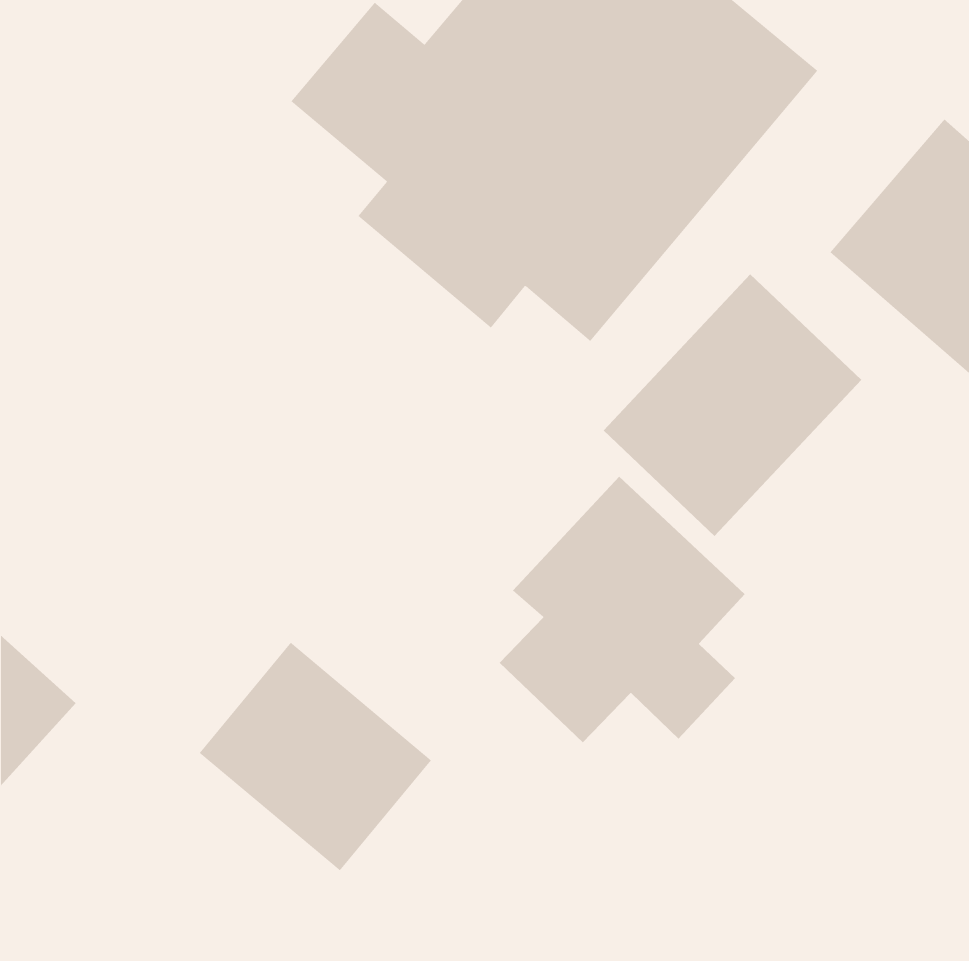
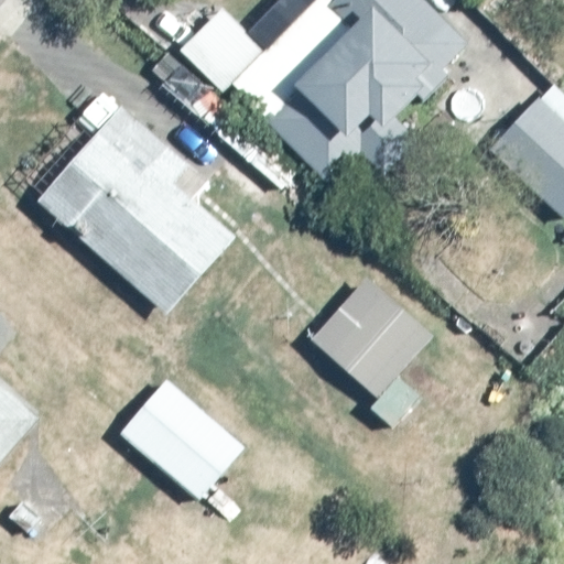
building: none -> [37,106,236,308]
building: [603,274,862,537] -> none

